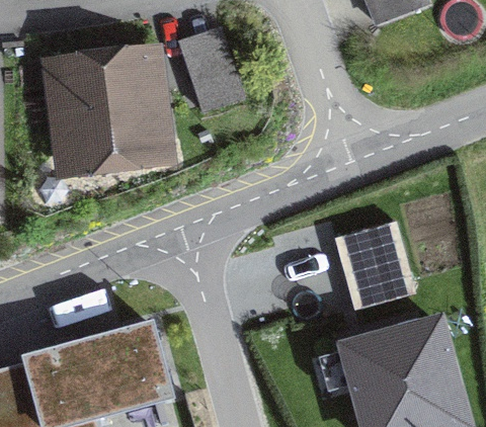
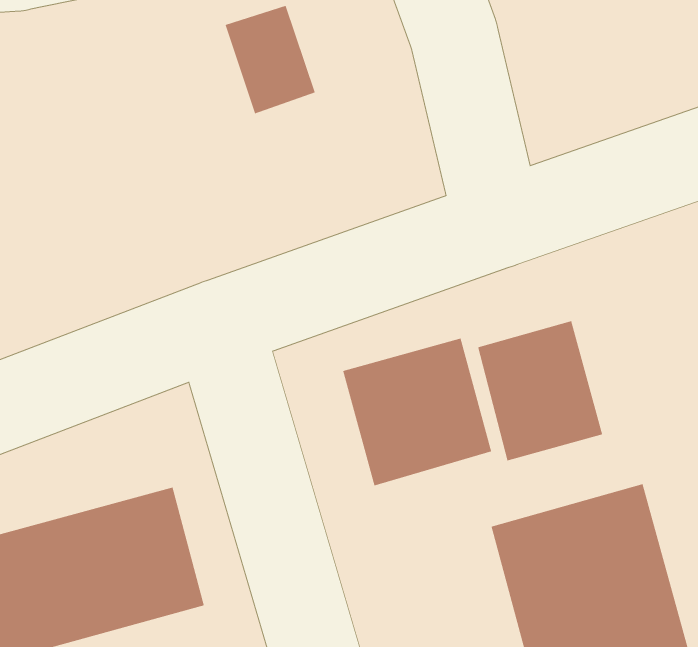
building: [55,55,156,163] -> none
building: none -> [342,338,492,487]

